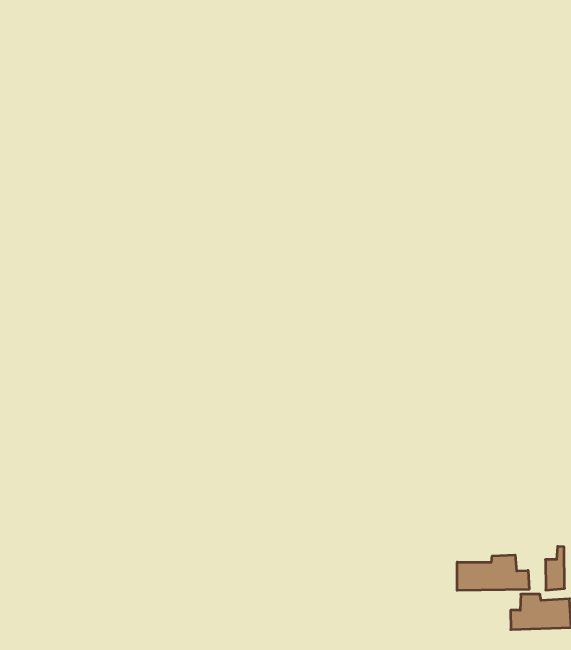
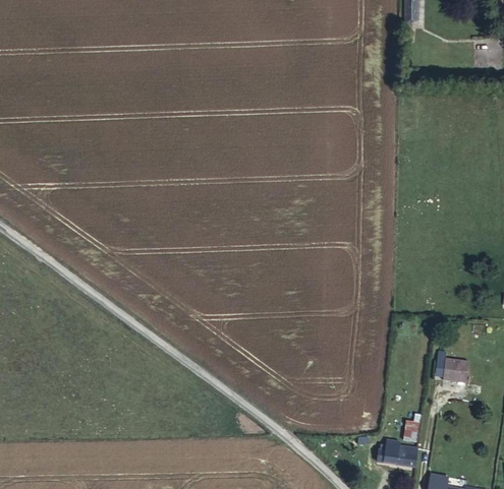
building: [457,555,529,590] -> none

